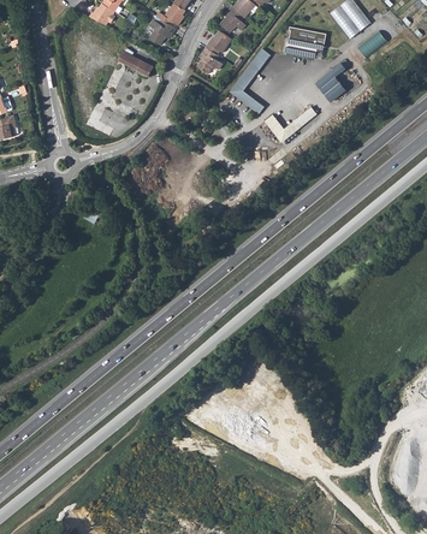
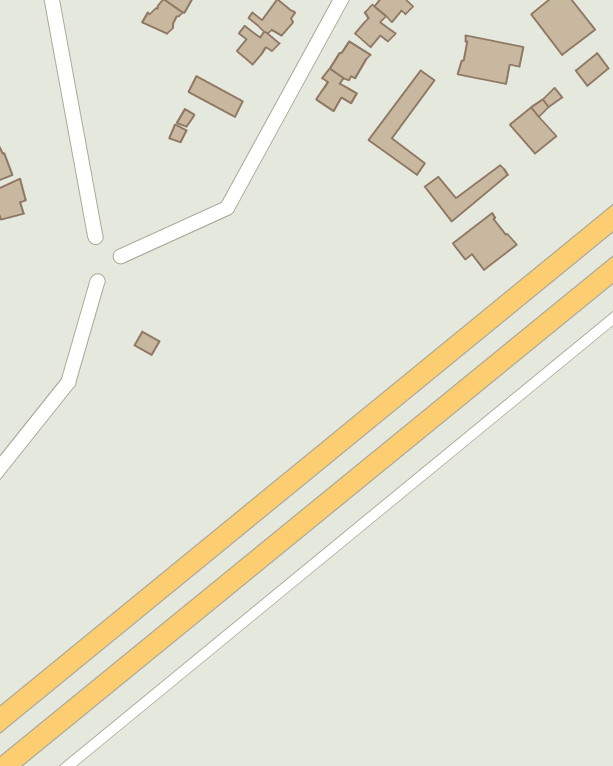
building: none -> [453,213,517,270]

